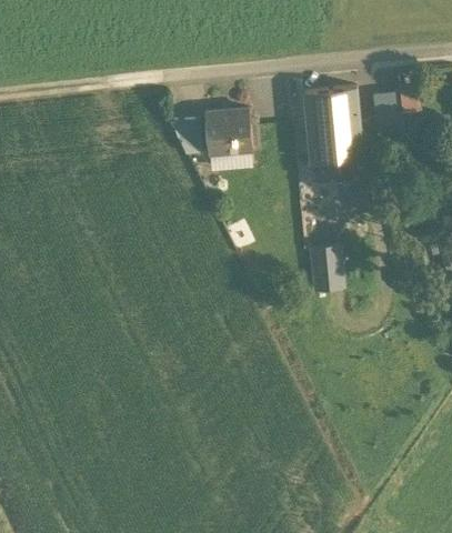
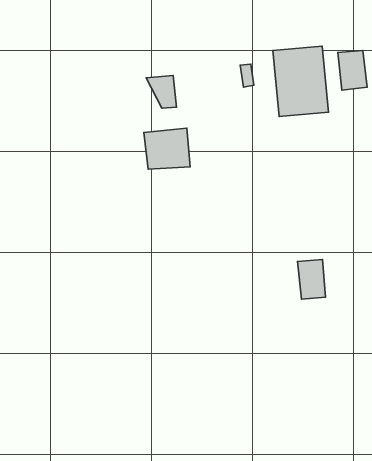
building: [205,109,254,152] -> [144,128,190,169]
building: [313,248,343,290] -> [297,260,326,299]

